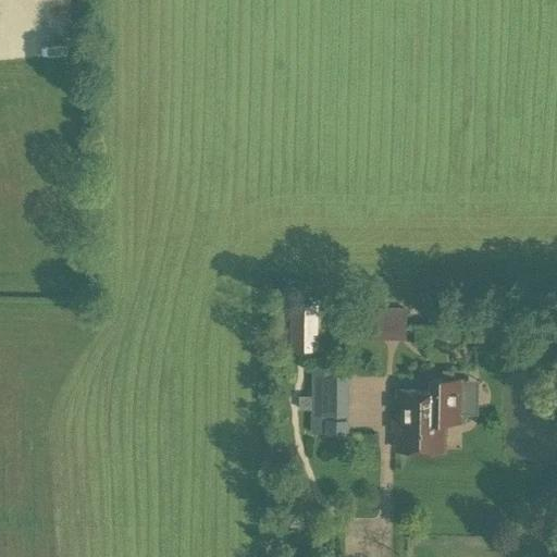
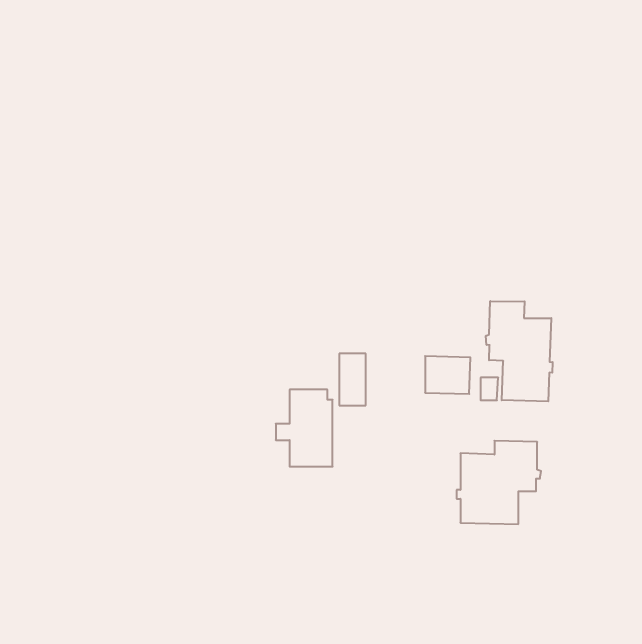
building: none -> [486,301,553,401]
building: [301,368,350,434] -> [276,390,333,467]

